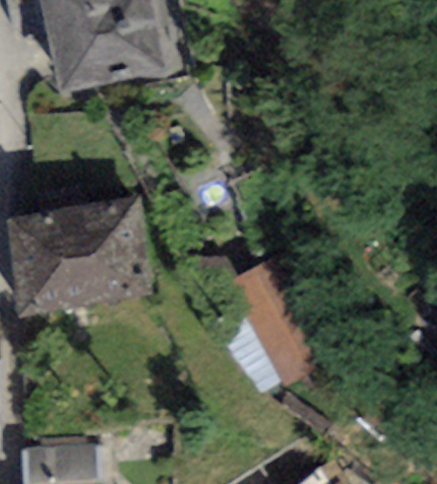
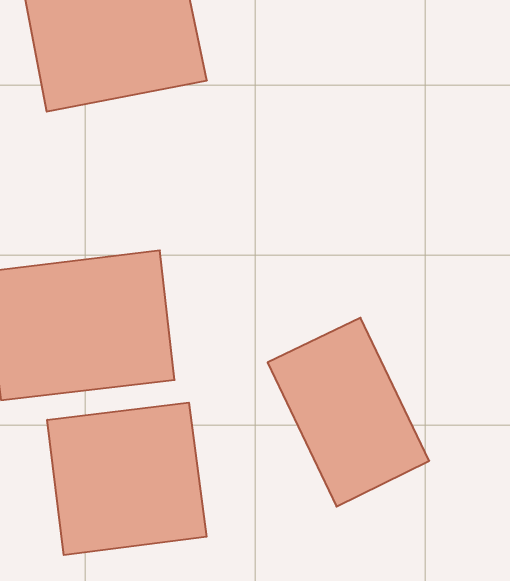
building: none -> [47,403,207,555]

